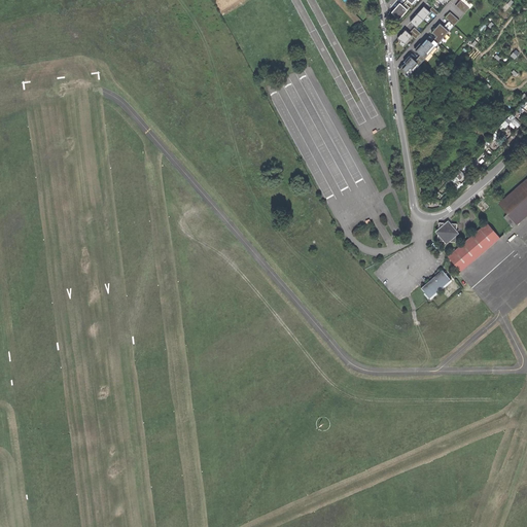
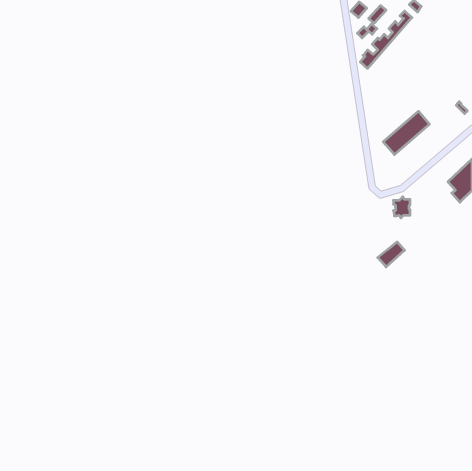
building: [448,222,499,271] -> [383,111,429,155]

